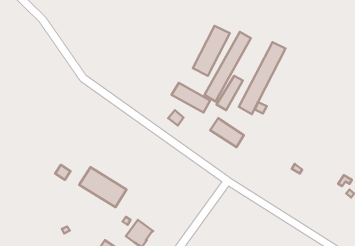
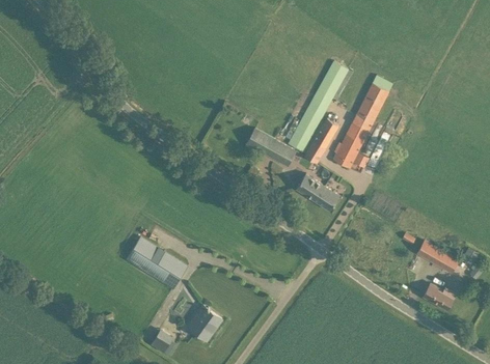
building: [193,26,230,76] -> none
building: none -> [416,241,458,274]
building: none -> [423,284,454,310]

